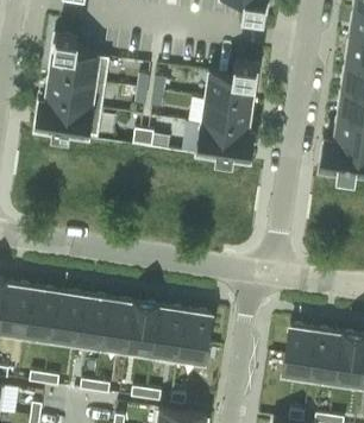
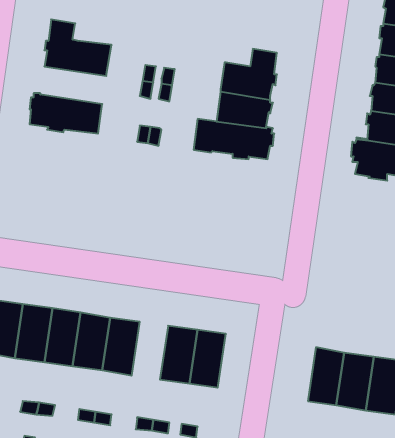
building: [46,76,105,109] -> none
building: [127,302,159,353] -> none

